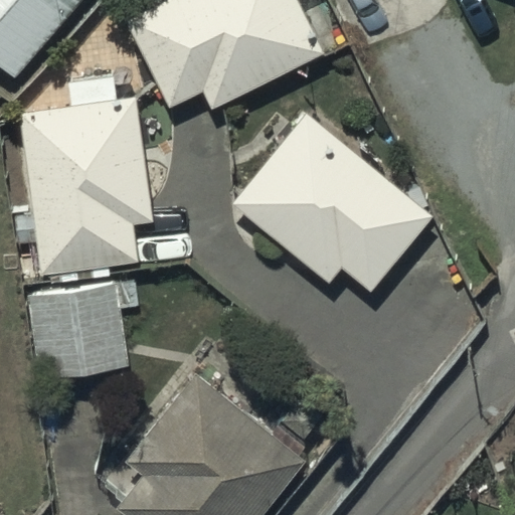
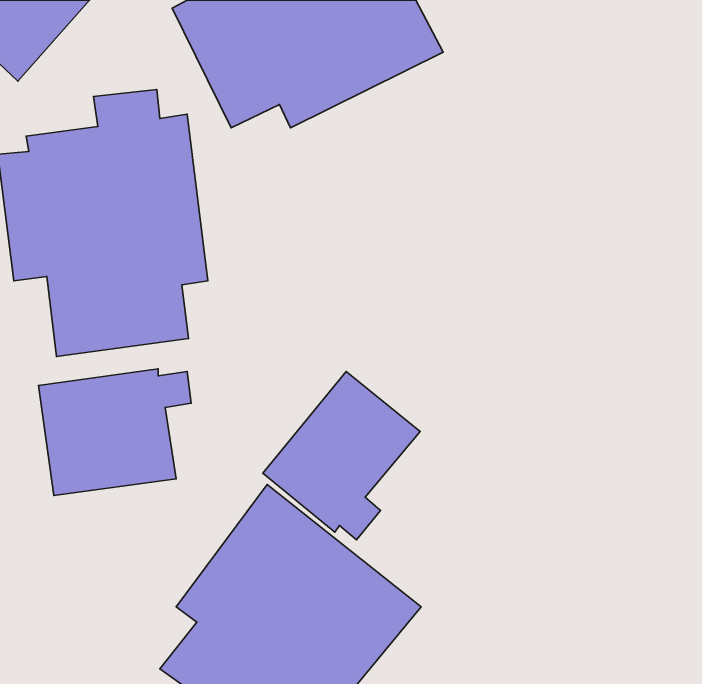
building: [233,113,432,290] -> none
building: none -> [263,372,420,540]

